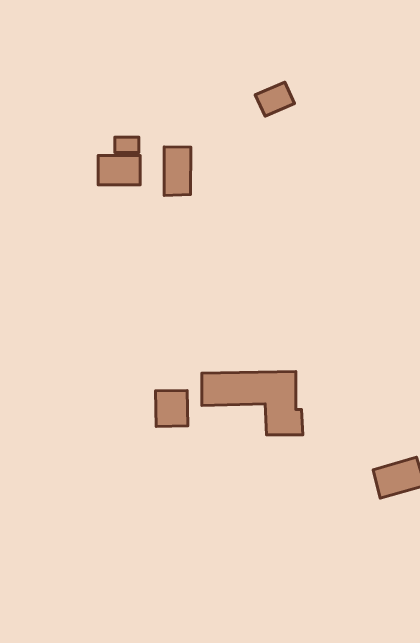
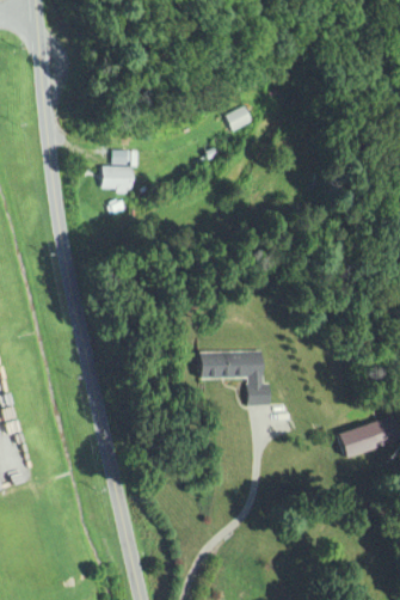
building: [164,147,191,196] -> none
building: [155,390,188,426] -> none

